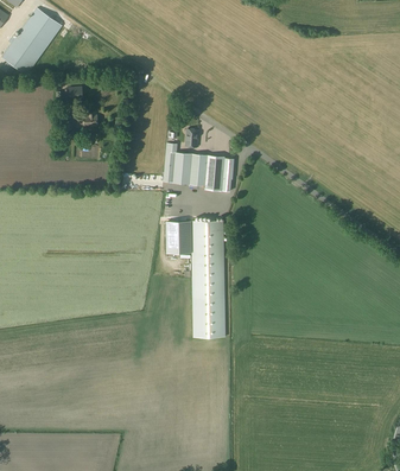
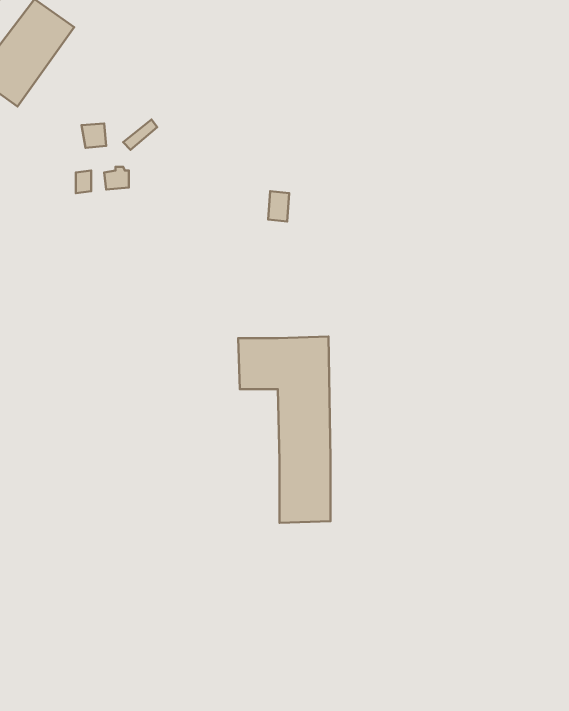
building: [163,142,234,191] -> none

